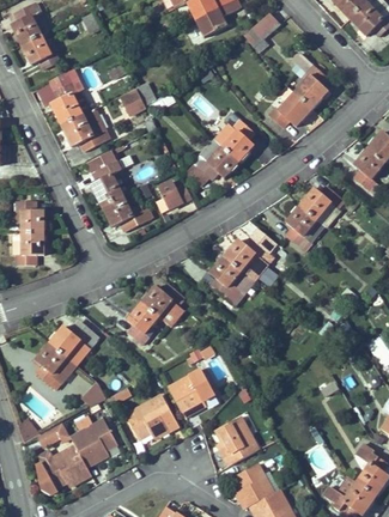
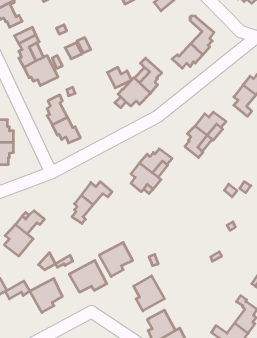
building: [157,181,190,209] -> [107,67,131,88]
building: [41,446,90,489] -> none

